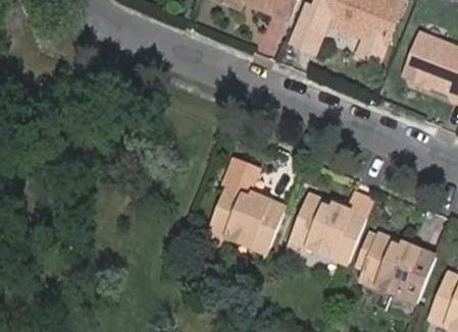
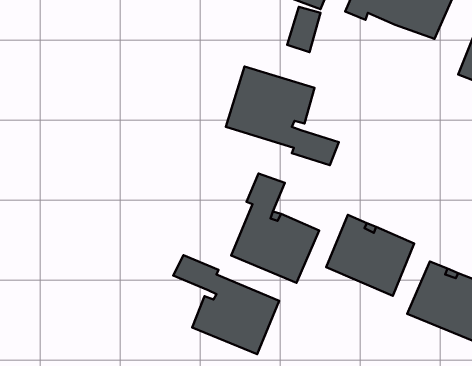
building: none -> [226,67,339,165]
building: none -> [173,255,279,354]

